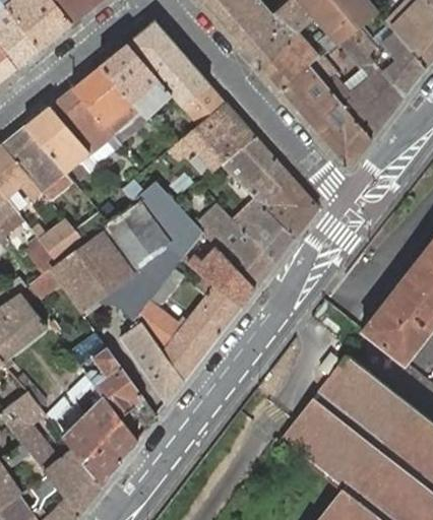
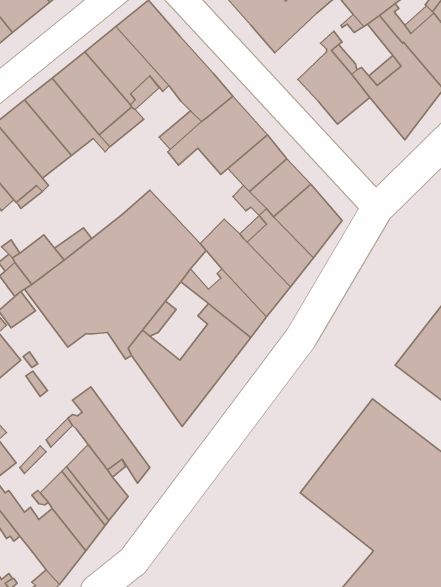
building: [262,32,312,88] -> none
building: [315,104,372,167] -> none
building: [120,321,184,402] -> none

